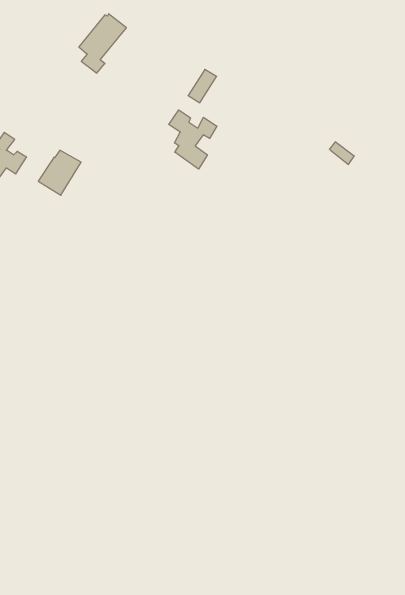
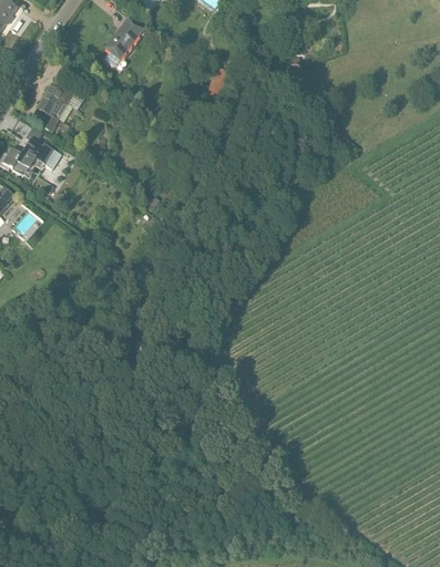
building: [169,110,217,169] -> none
building: [38,150,81,195] -> [37,78,76,120]

